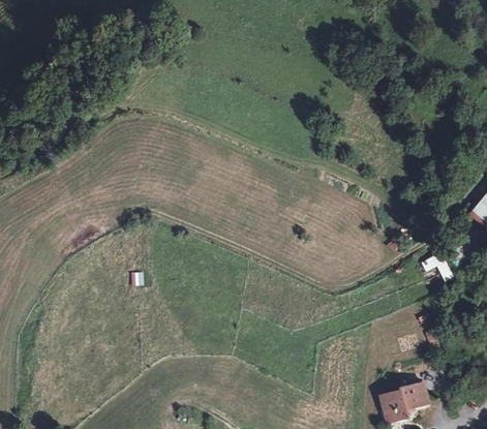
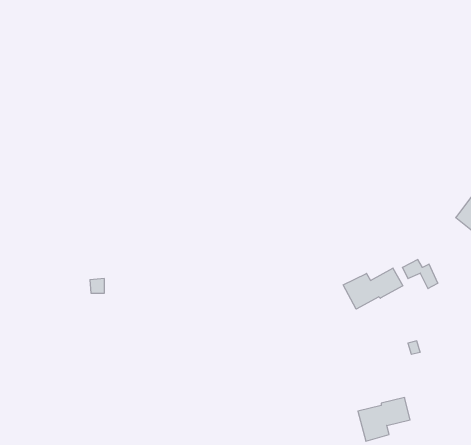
building: none -> [343,268,403,309]

